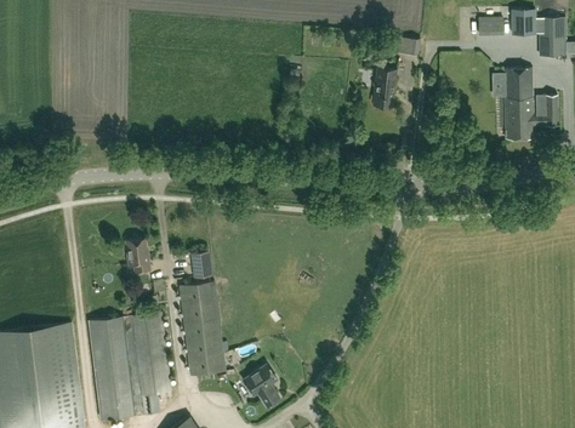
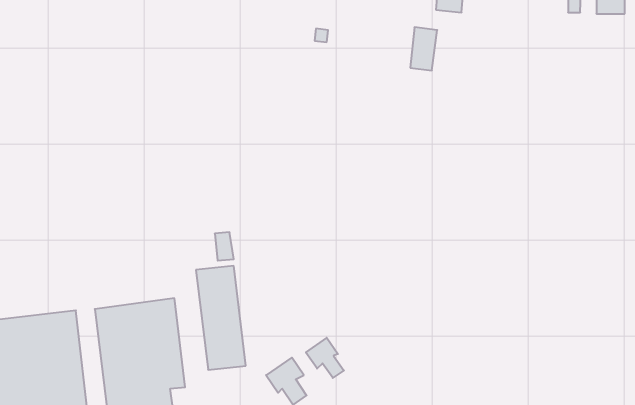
building: [503,68,558,138] -> none
building: [125,239,149,272] -> none
building: none -> [306,338,344,378]

